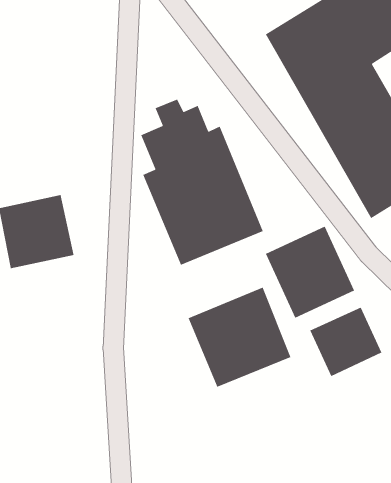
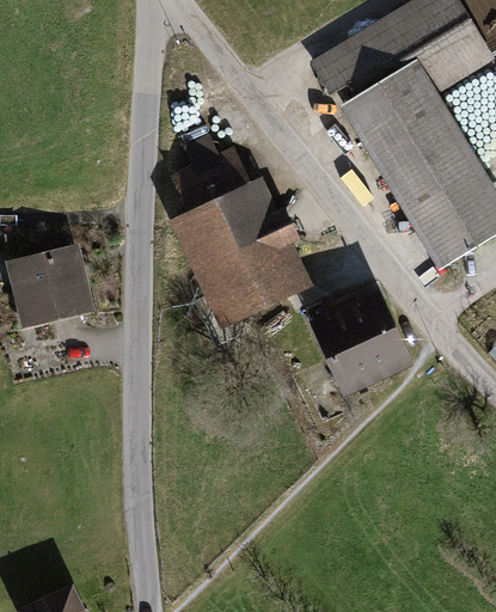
building: [187,287,291,388] -> none
building: [309,307,382,377] -> none

